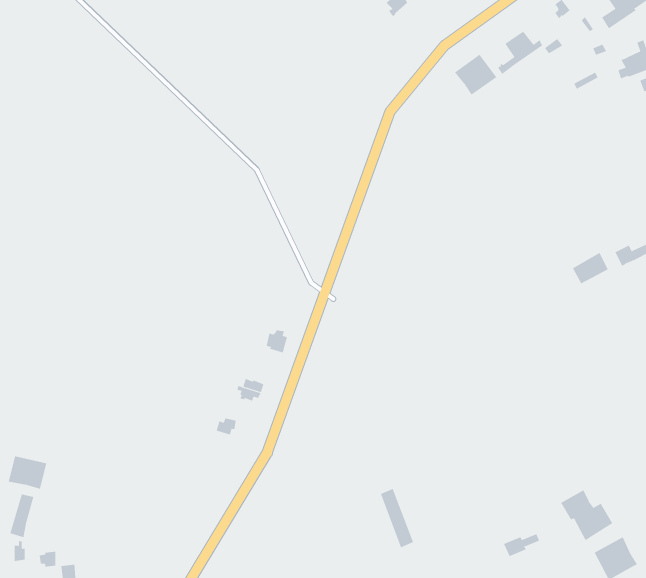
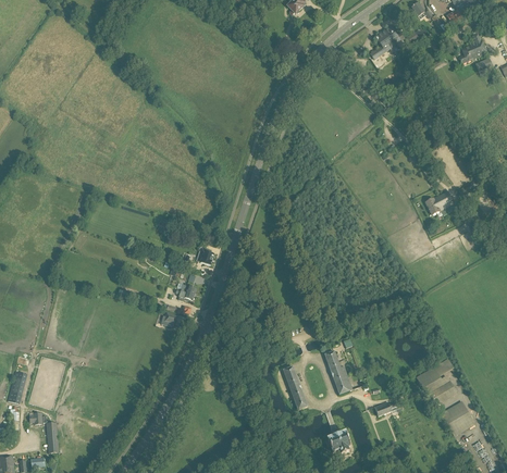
building: [454,54,497,96] -> none
building: [8,455,47,490] -> none
building: none -> [324,350,353,395]

